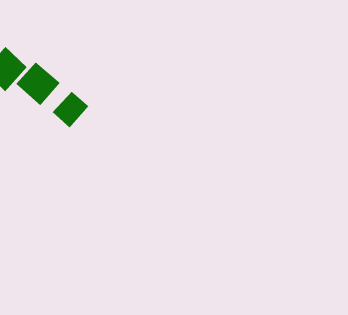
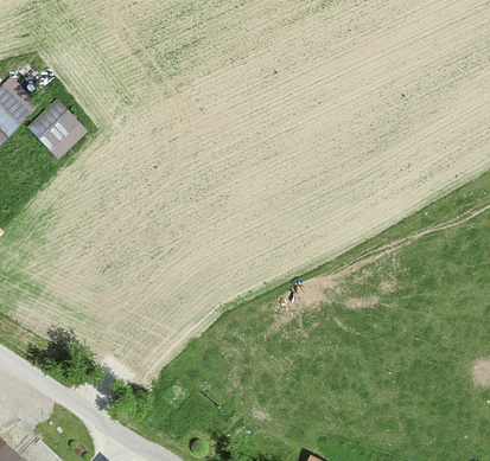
building: [52,91,90,128] -> none

